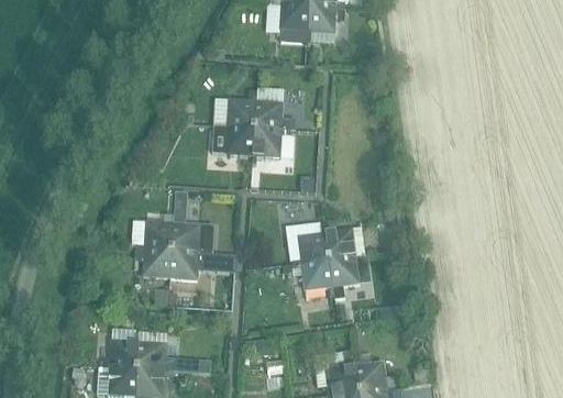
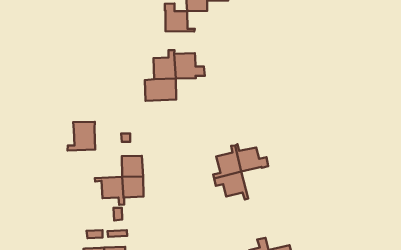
building: none -> [165,4,195,31]
building: [253,129,282,165] -> none
building: [135,212,175,251] -> [68,122,95,150]
building: [329,256,360,300] -> none

